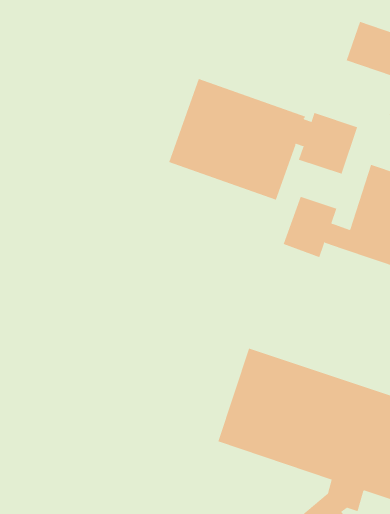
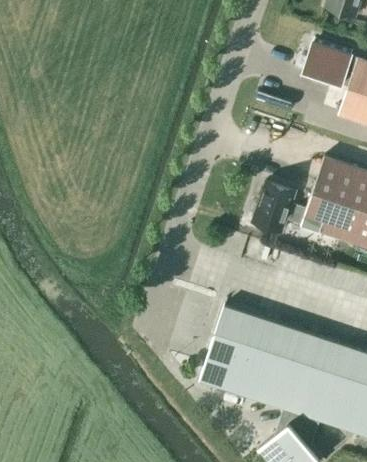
building: [169,78,358,200] -> none

